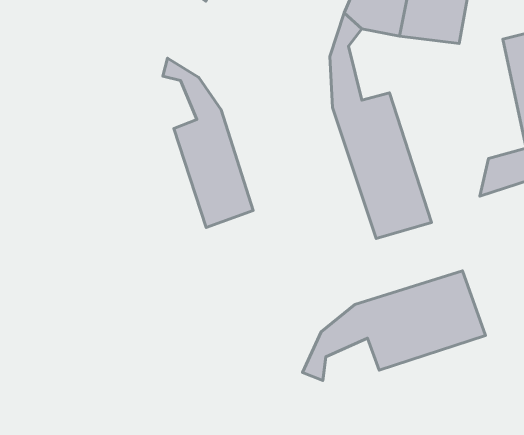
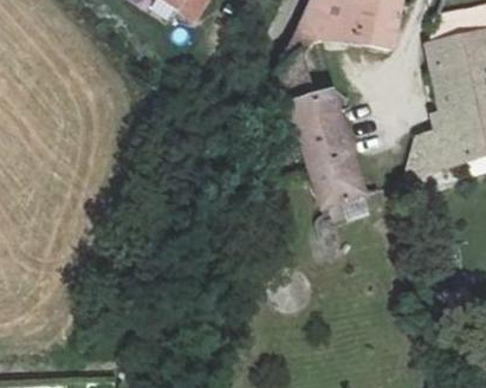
building: [163,58,253,227] -> none
building: [302,271,485,380] -> none

